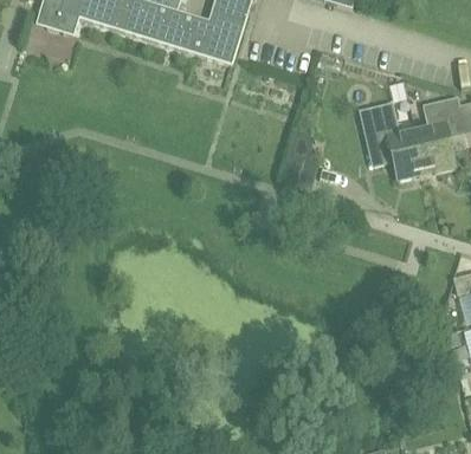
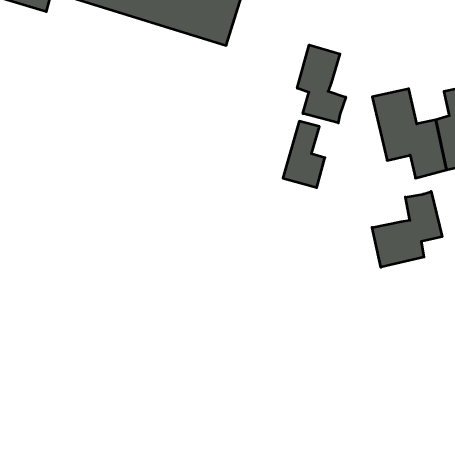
building: none -> [297,45,346,123]
building: none -> [372,191,442,267]

